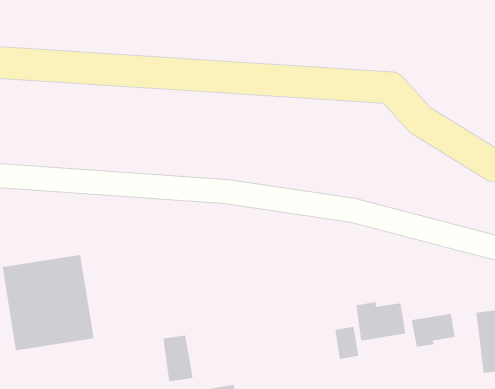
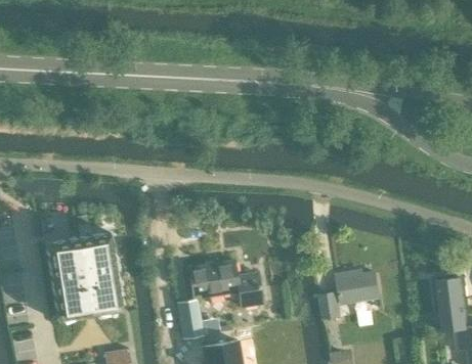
building: none -> [188,261,263,307]
building: [411,313,455,348] -> none

